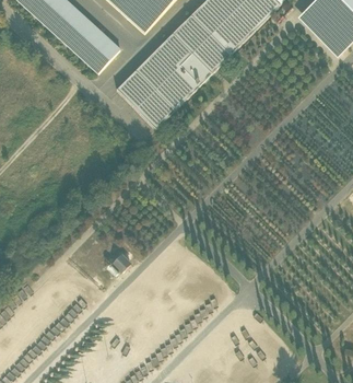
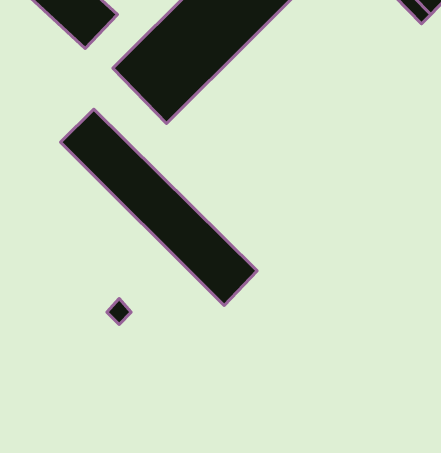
building: none -> [61,109,257,306]

